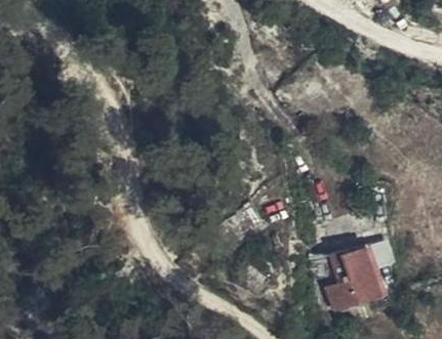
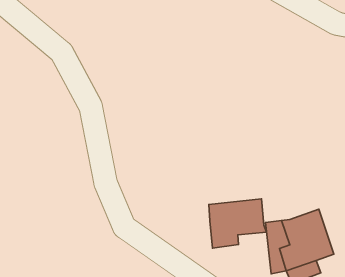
building: none -> [209,199,267,248]

